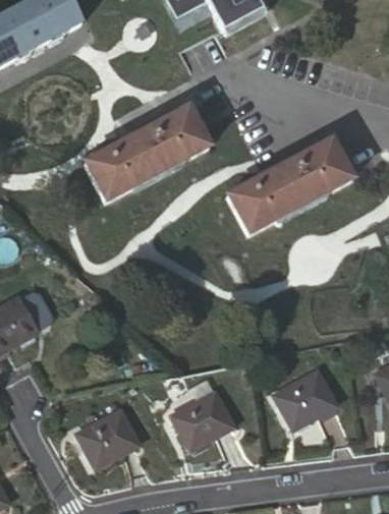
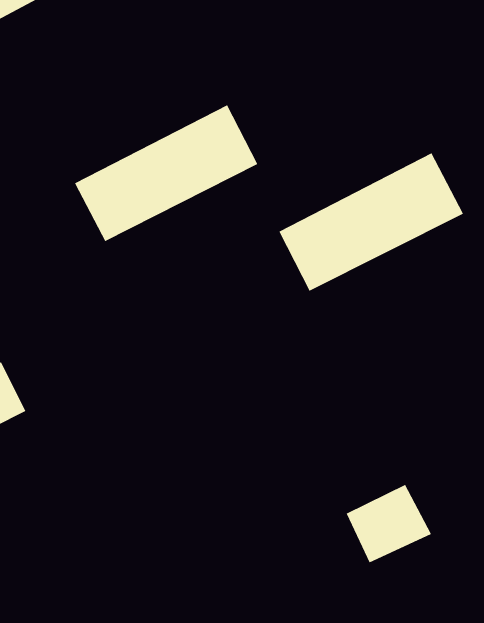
building: [171,390,232,445] -> none
building: [84,407,143,460] -> none

